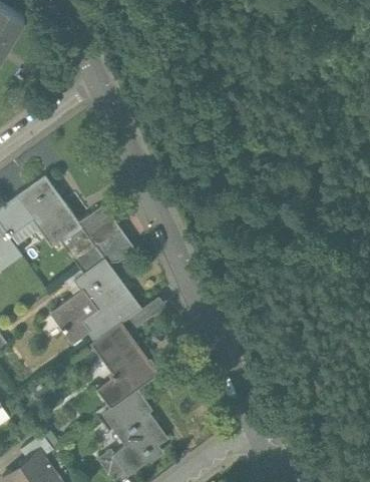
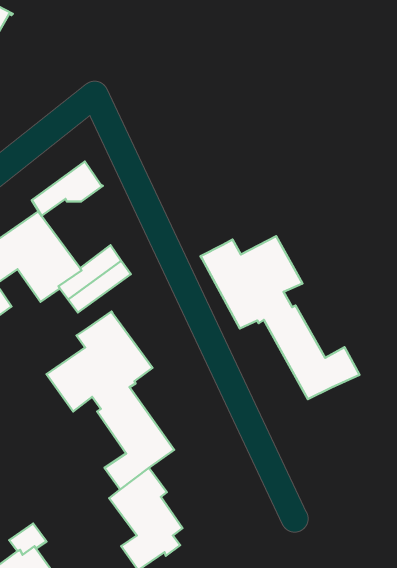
building: none -> [200,236,360,399]
building: [77,229,136,275] -> [32,162,103,216]

